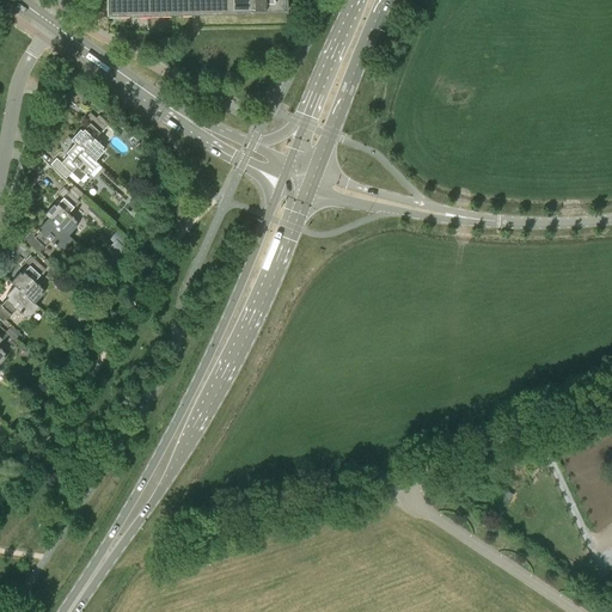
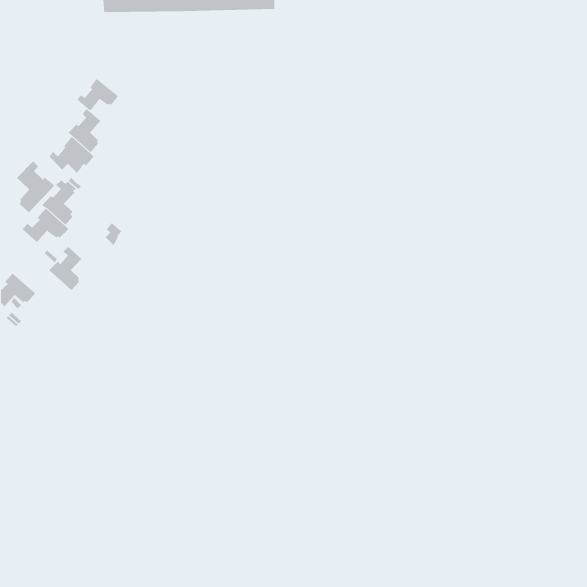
building: none -> [76,78,119,111]
building: none -> [16,161,55,213]
building: [11,255,45,301] -> [49,246,82,291]

